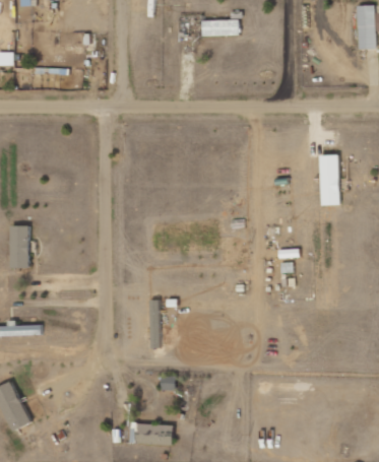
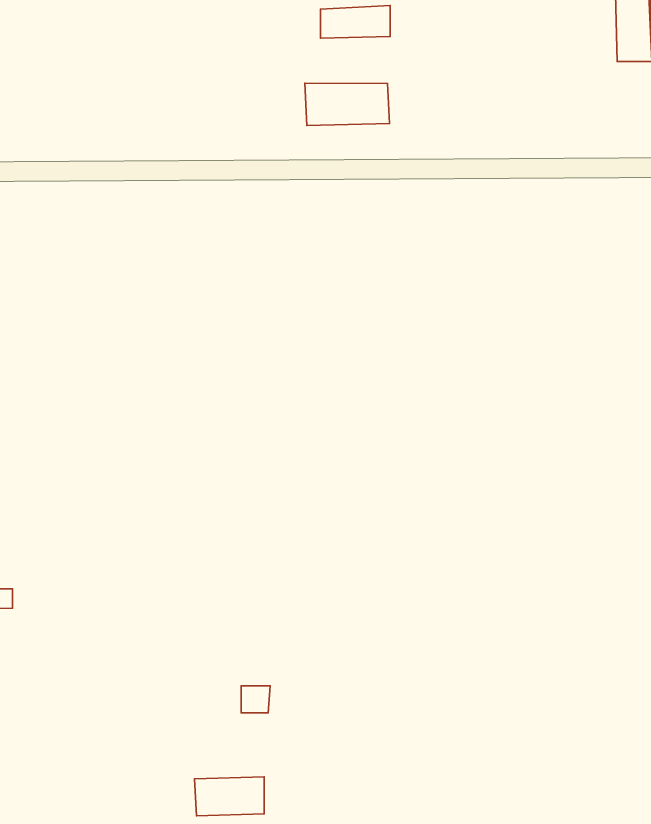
building: none -> [305,83,389,126]
building: [319,154,339,205] -> none

